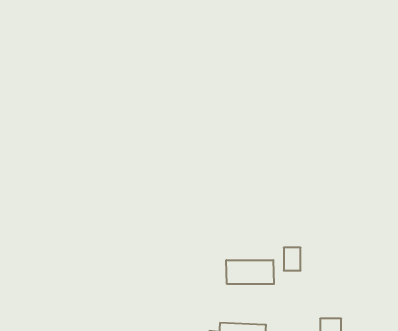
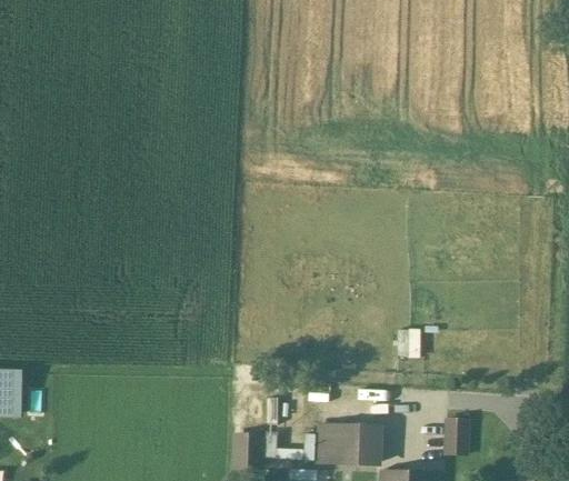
building: [226,260,274,284] -> none

